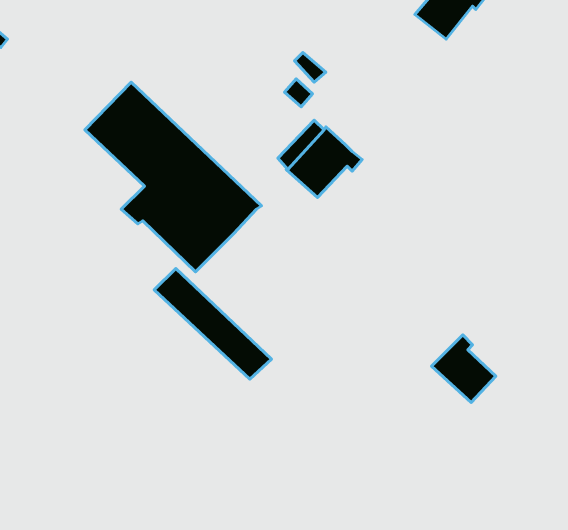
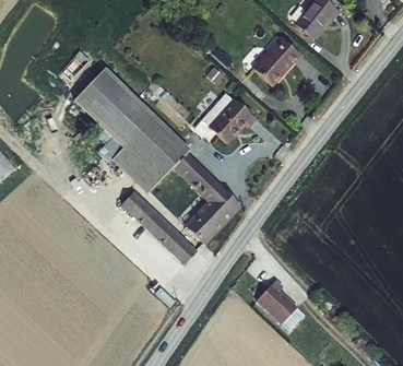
building: none -> [252,35,301,85]
building: none -> [173,151,242,244]
building: [431,335,496,403] -> [256,279,298,323]

